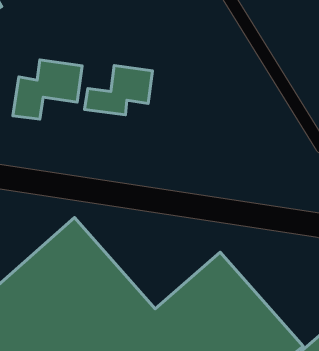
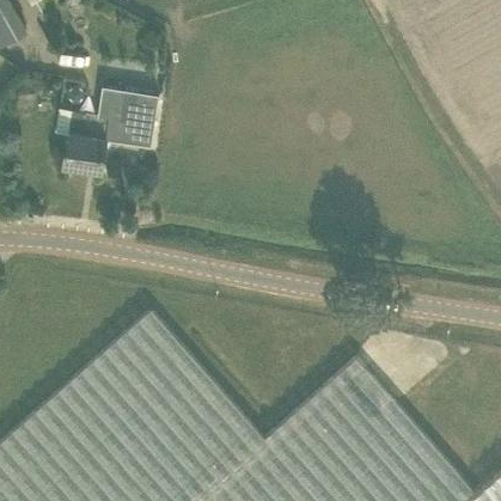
building: [84,65,153,115] -> none

